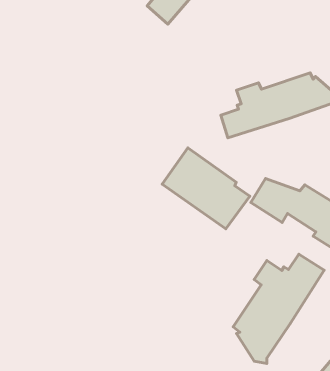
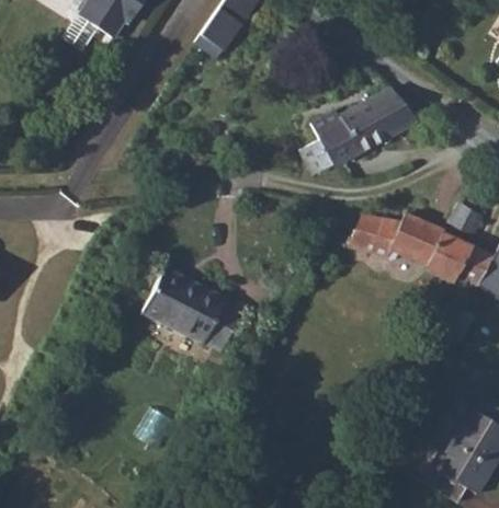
building: [162,148,250,229] -> [141,268,241,351]
building: [233,254,324,363] -> none

